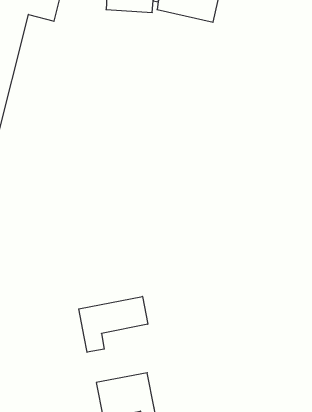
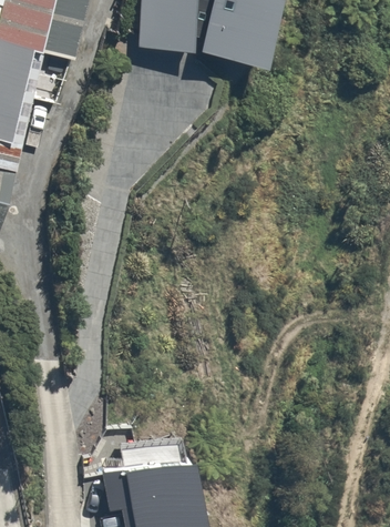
building: [79,296,148,352] -> none

